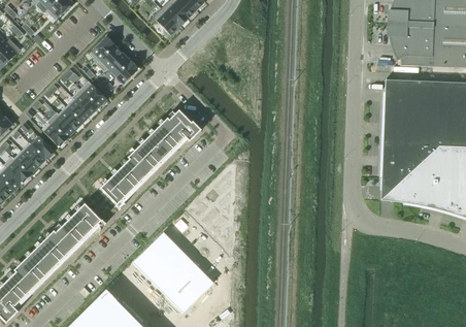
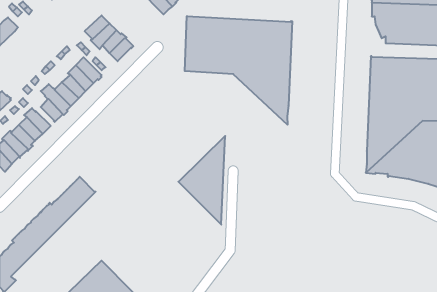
building: none -> [185,16,292,125]
building: [100,110,201,205] -> none
building: [134,234,212,313] -> none

